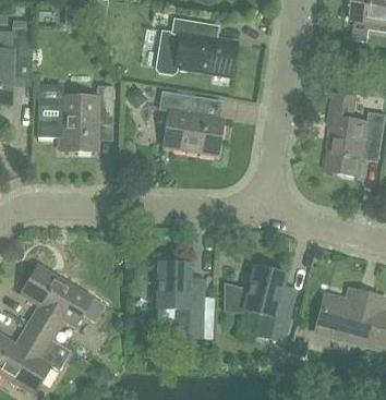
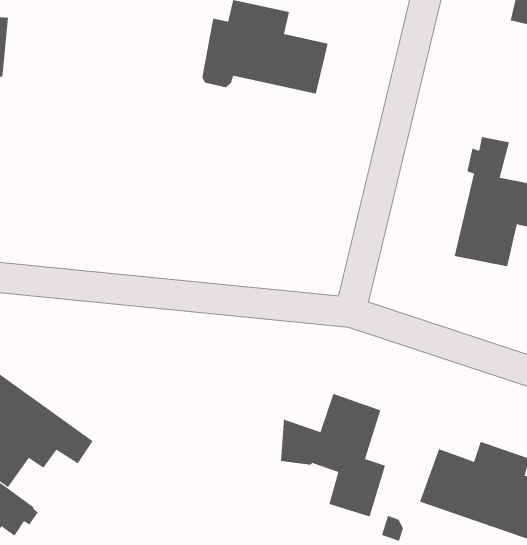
building: [37,84,112,150] -> none
building: [158,88,224,155] -> none
building: [155,262,203,324] -> none

